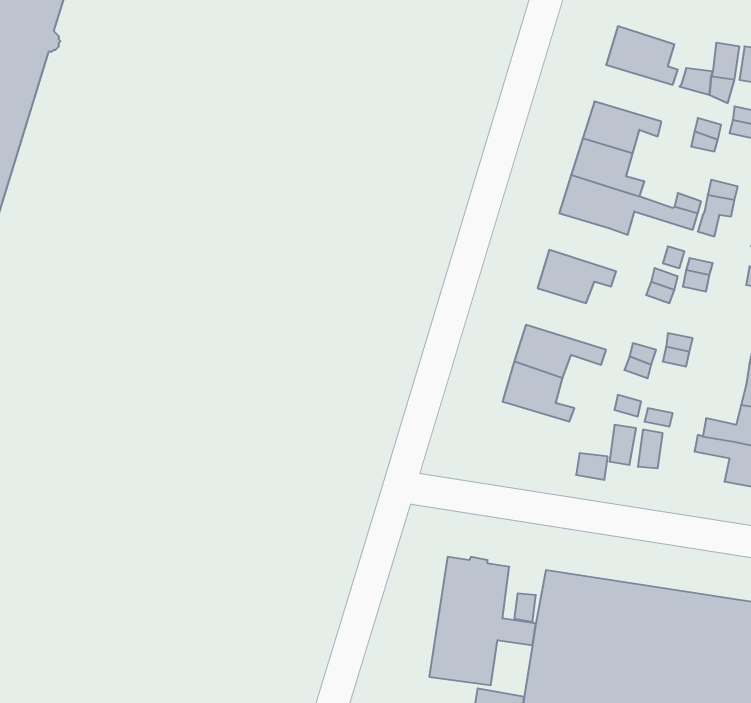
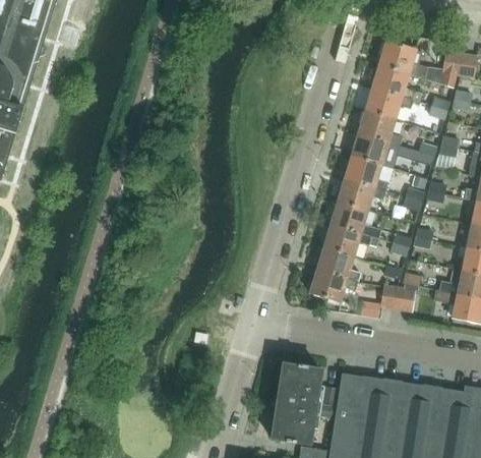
building: none -> [372,64,422,102]
building: none -> [345,155,393,190]
building: none -> [330,201,381,238]
building: none -> [309,270,357,302]

